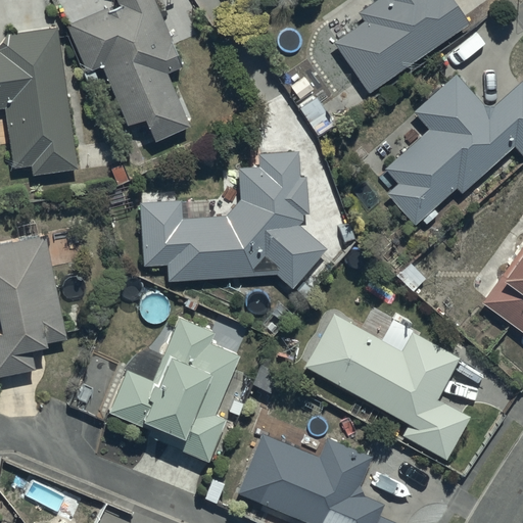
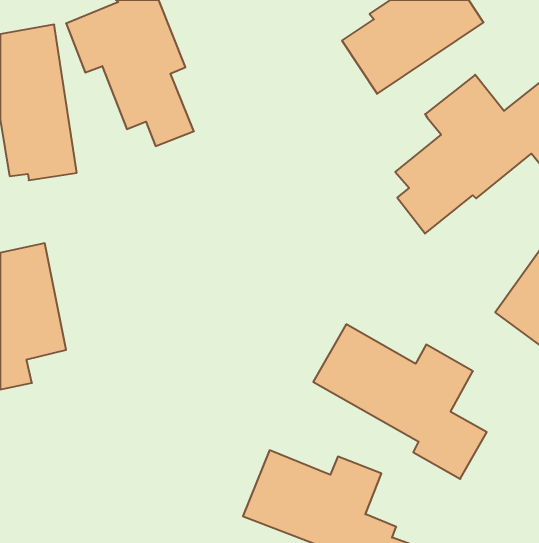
building: [139,151,322,287] -> none
building: [108,320,244,462] -> none

